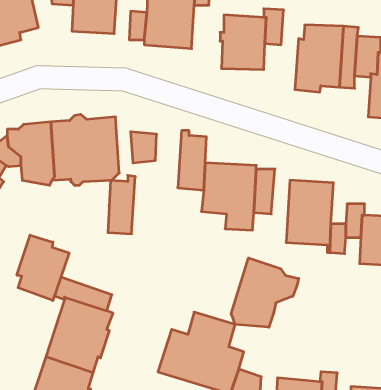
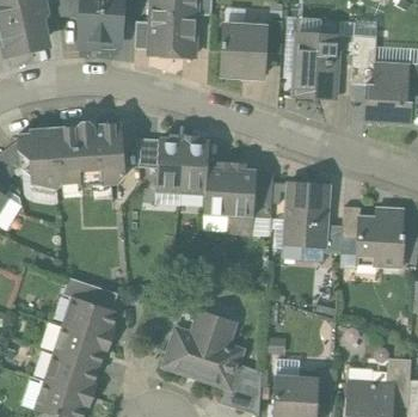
building: [108,175,135,234] -> [158,134,184,190]
building: [17,235,69,301] -> none
building: [231,258,299,327] -> none

